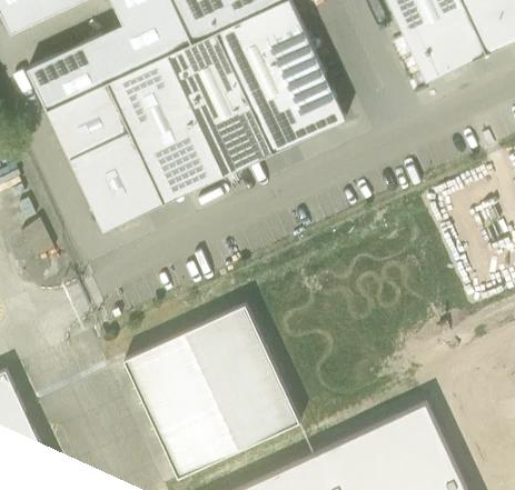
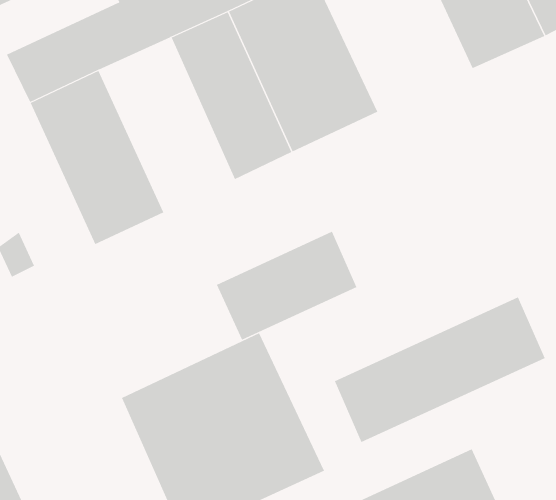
building: [108,53,224,202] -> none
building: none -> [216,231,357,340]
building: none -> [334,296,545,443]

